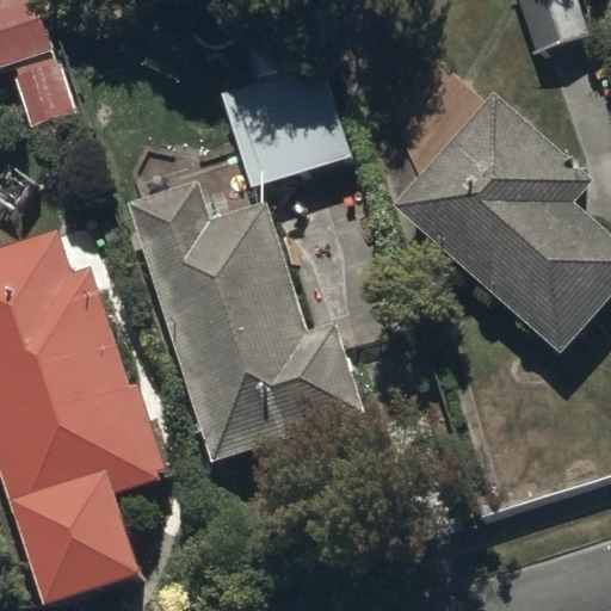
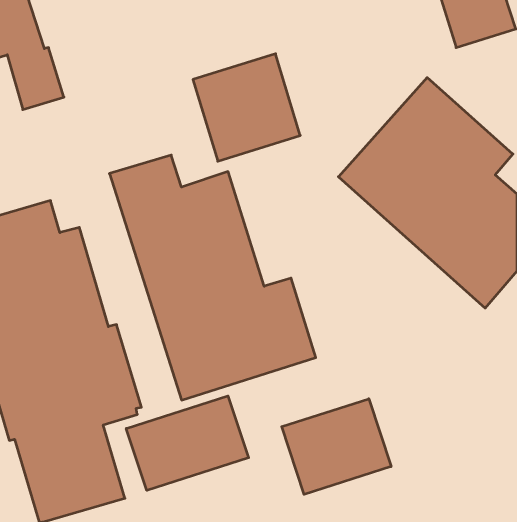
building: none -> [126,396,249,490]
building: none -> [282,399,391,494]

